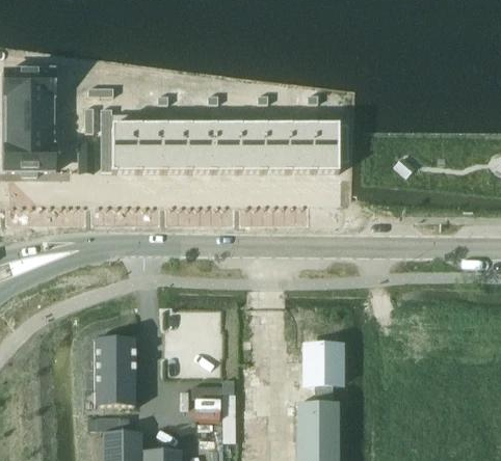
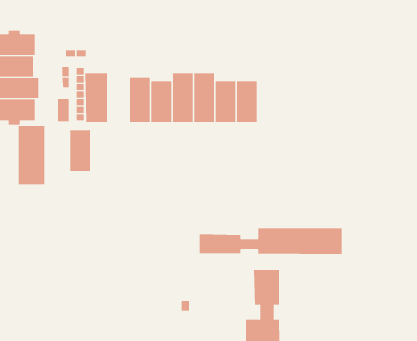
building: [138,112,163,170] -> [69,122,91,172]
building: [313,121,348,170] -> none
building: none -> [18,125,45,185]
building: none -> [199,228,342,255]
building: [95,335,136,404] -> none

